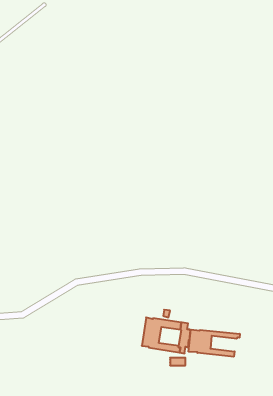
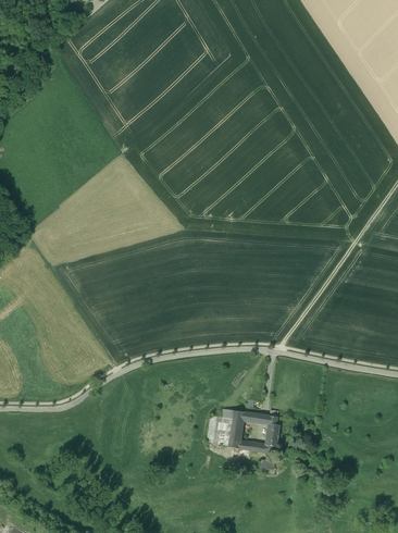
building: [189,330,240,357] -> none

